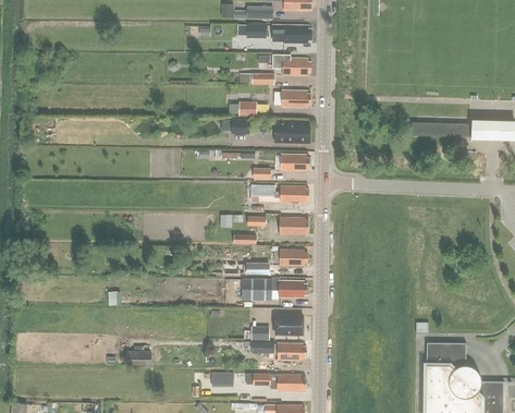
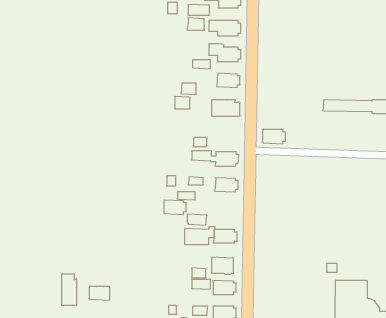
building: [280,154,308,171] -> [262,129,286,144]
building: [279,248,306,266] -> [164,200,186,214]
building: none -> [62,274,76,306]

